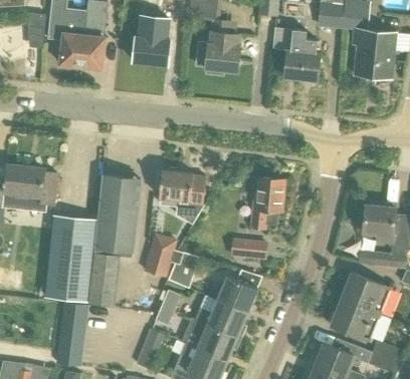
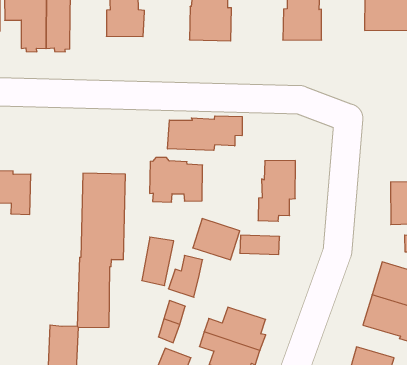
building: none -> [168,116,242,150]
building: [45,217,94,302] -> none
building: [217,275,258,312] -> [193,219,240,260]

